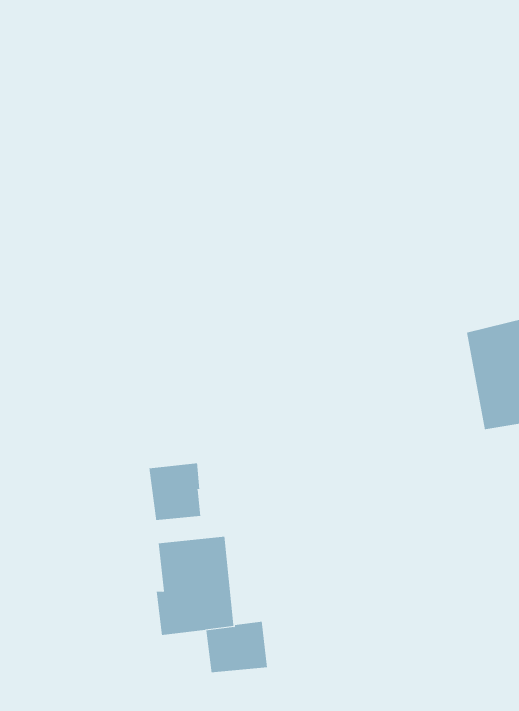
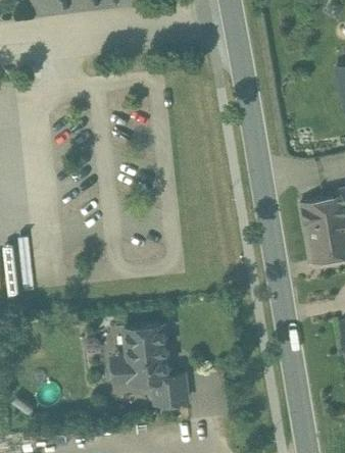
building: [149,463,201,521] -> none

